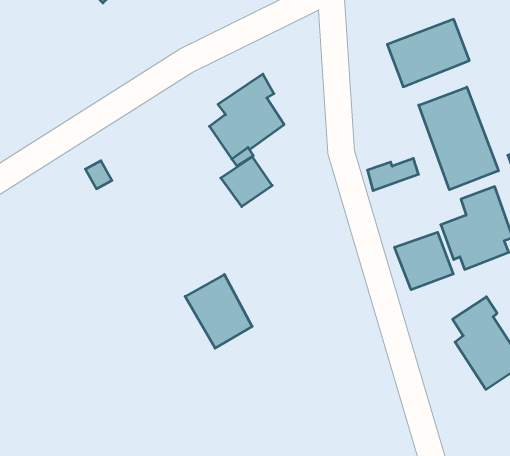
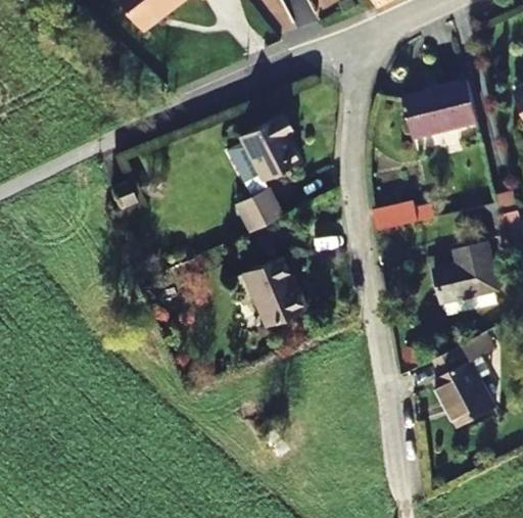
building: [419,87,498,190] -> none
building: [395,232,453,290] -> none
building: [185,274,252,348] -> [242,257,301,325]

